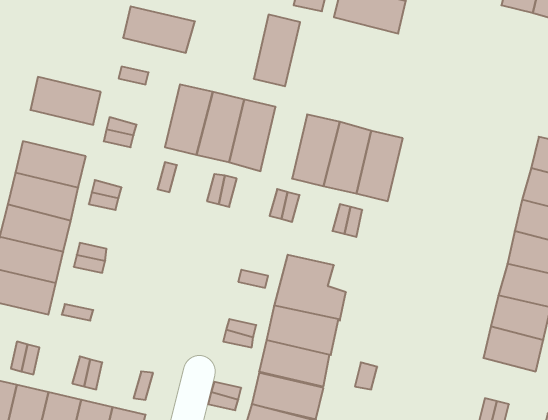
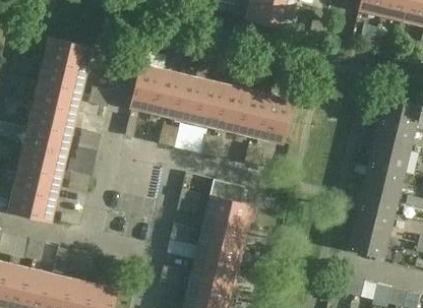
building: [123,6,195,53] -> [44,38,93,69]
building: [254,15,300,86] -> [195,79,227,128]
building: none -> [34,81,81,113]

